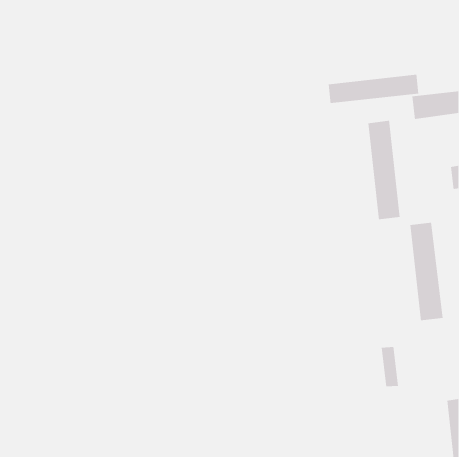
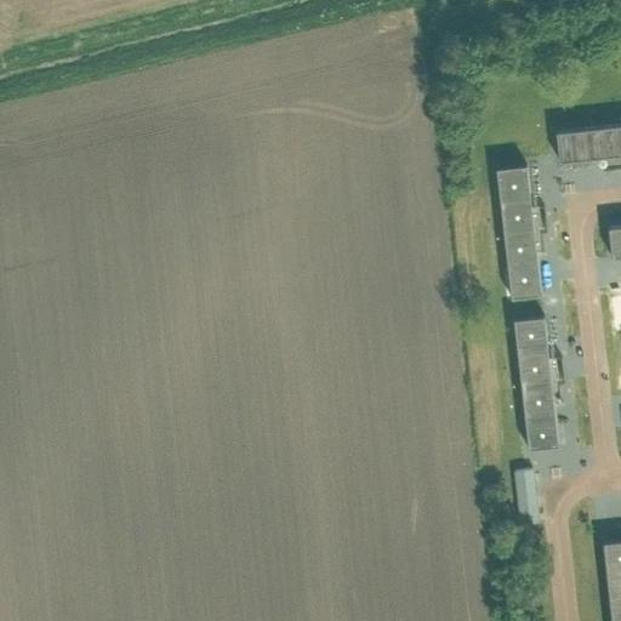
building: [328,74,419,104] -> none
building: [409,222,444,321] -> [513,317,559,450]

